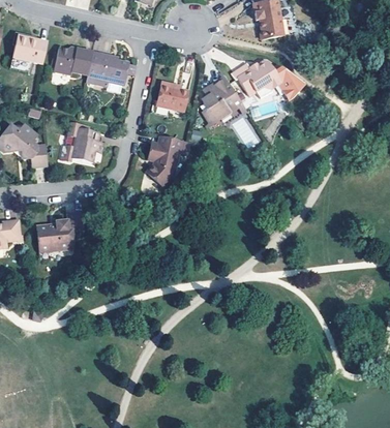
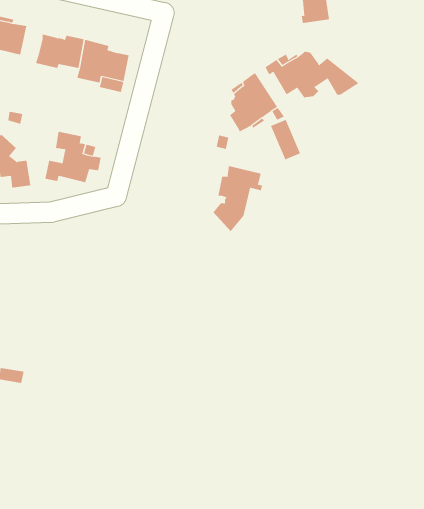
building: [155,83,187,112] -> none
building: [147,136,186,188] -> [212,166,263,232]
building: [38,211,85,251] -> none

